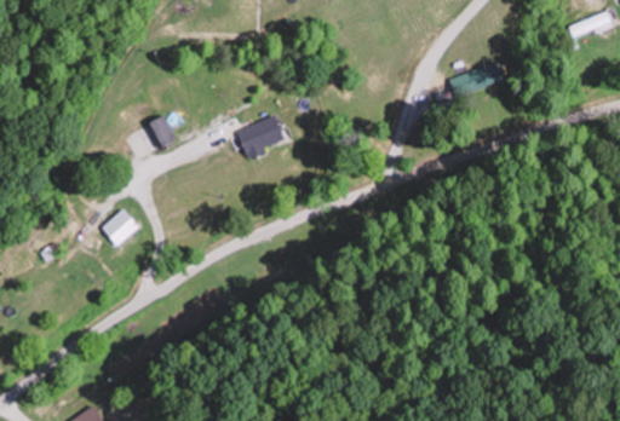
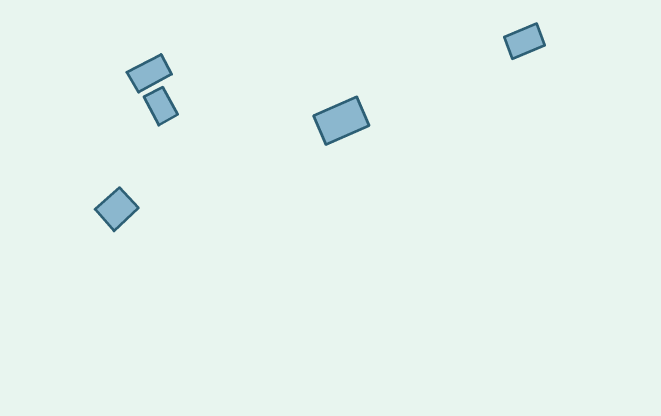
building: none -> [127,54,172,92]
building: [236,114,286,156] -> [314,97,369,144]

